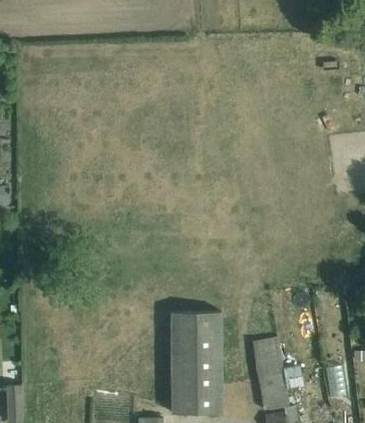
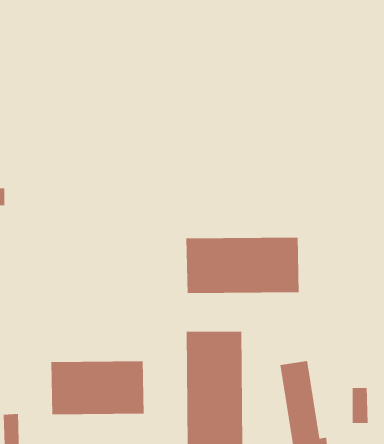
building: none -> [186,237,299,294]
building: none -> [51,361,144,415]

